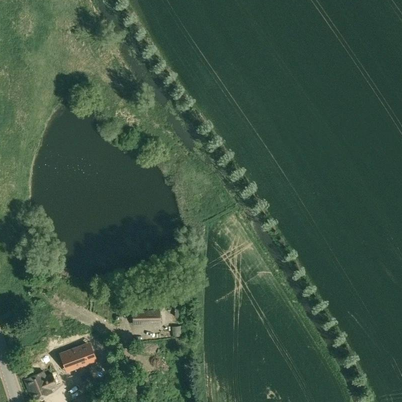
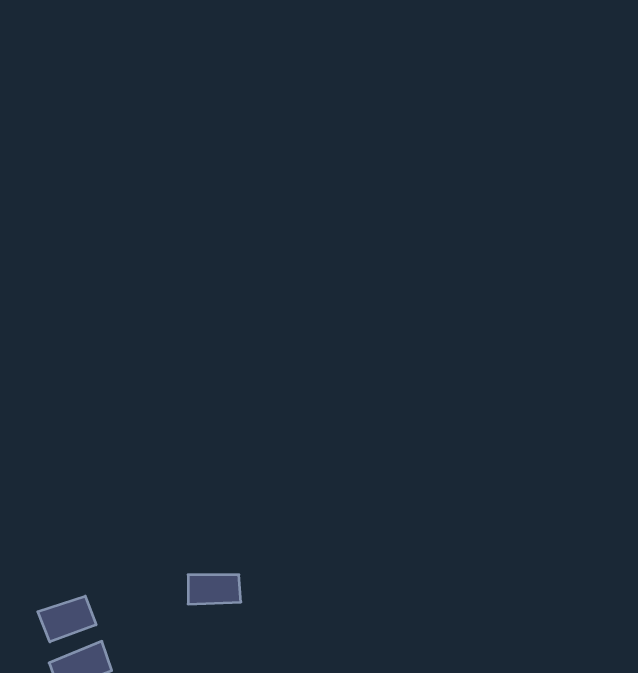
building: none -> [38,596,96,642]

